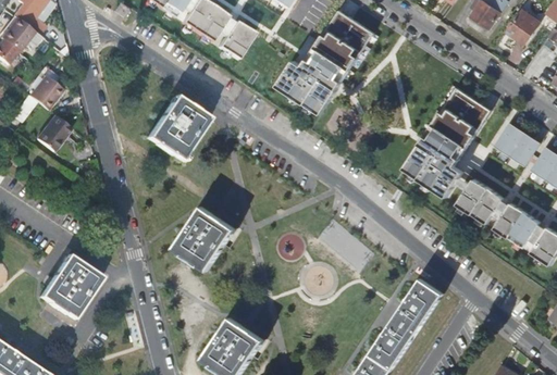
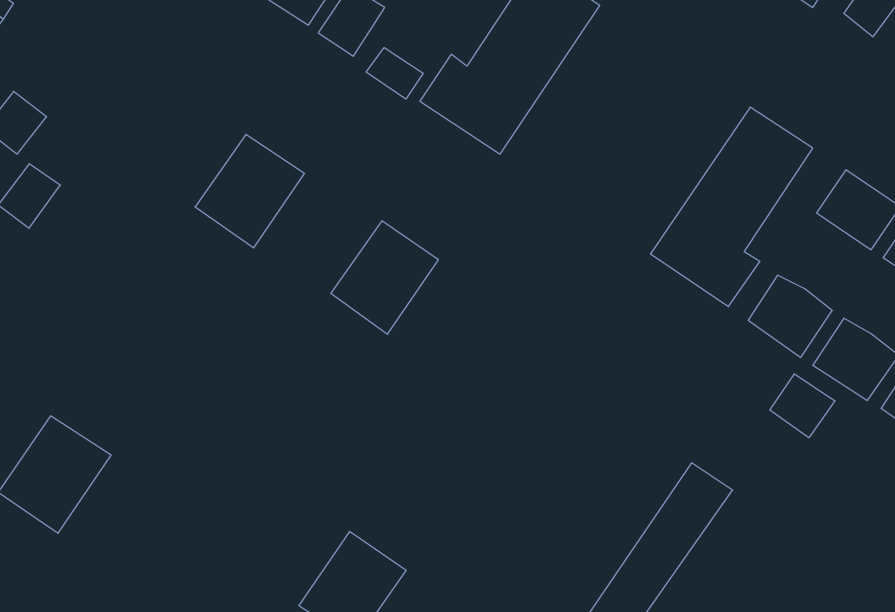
building: none -> [366,48,423,99]
building: [176,209,236,272] -> [331,221,438,334]
building: none -> [770,374,835,438]

